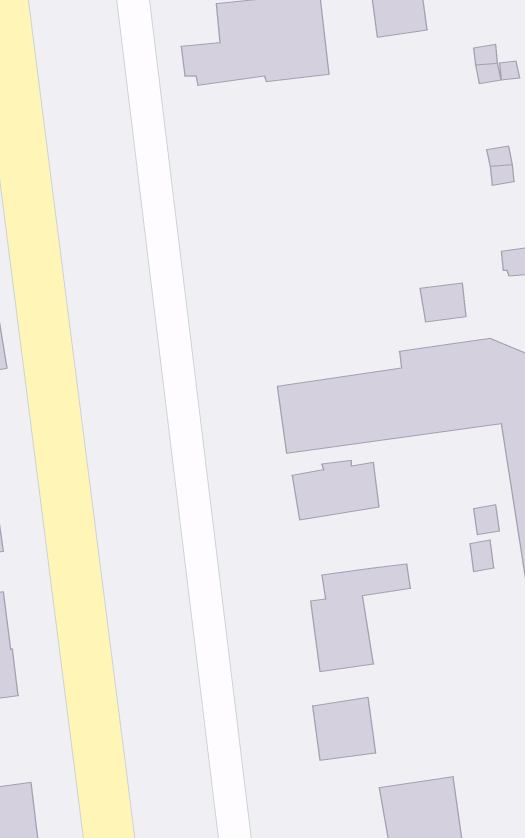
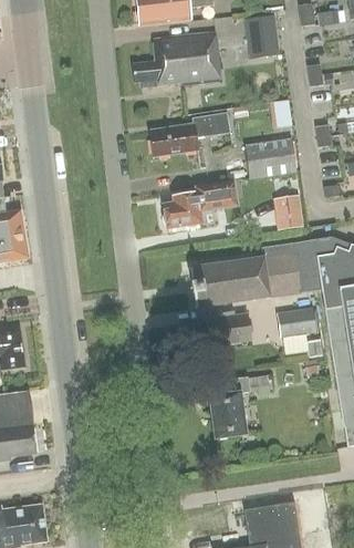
building: none -> [150,112,231,155]
building: none -> [244,137,296,178]
building: none -> [163,178,240,227]
building: none -> [278,307,317,337]
building: [313,697,375,760] -> none

